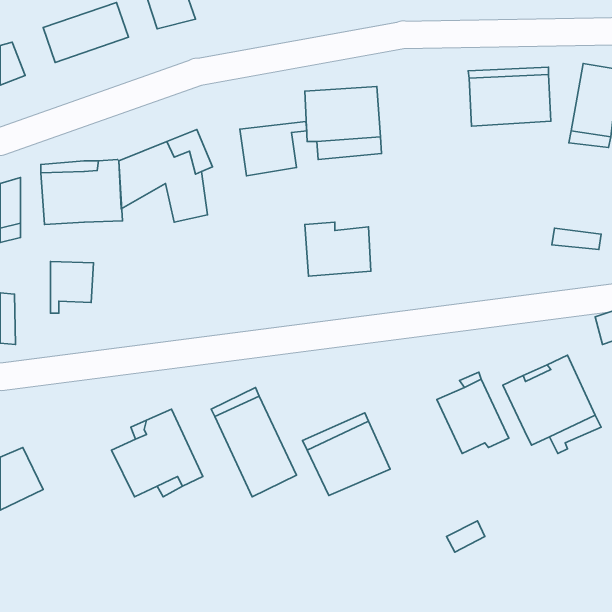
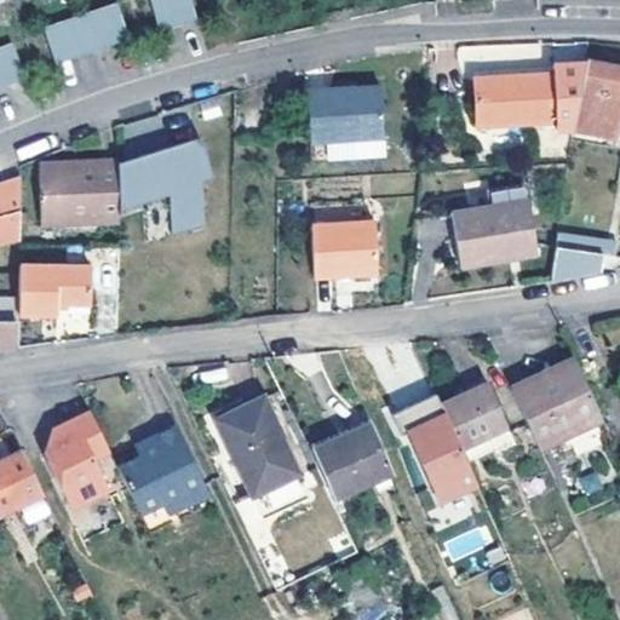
building: [240,122,307,176] -> none
building: none -> [448,200,536,269]
building: none -> [553,247,605,282]
building: none -> [22,263,52,316]
building: none -> [388,394,475,503]
building: none -> [41,398,107,490]

